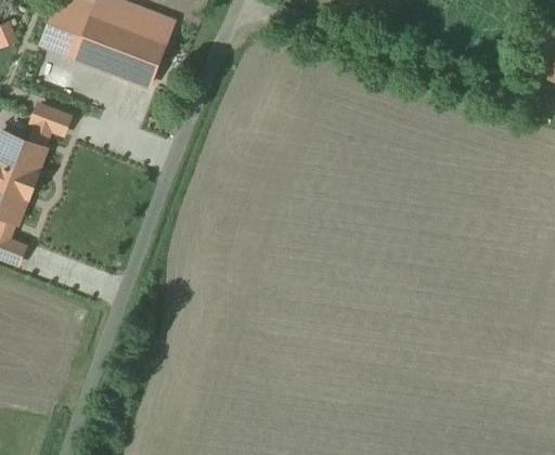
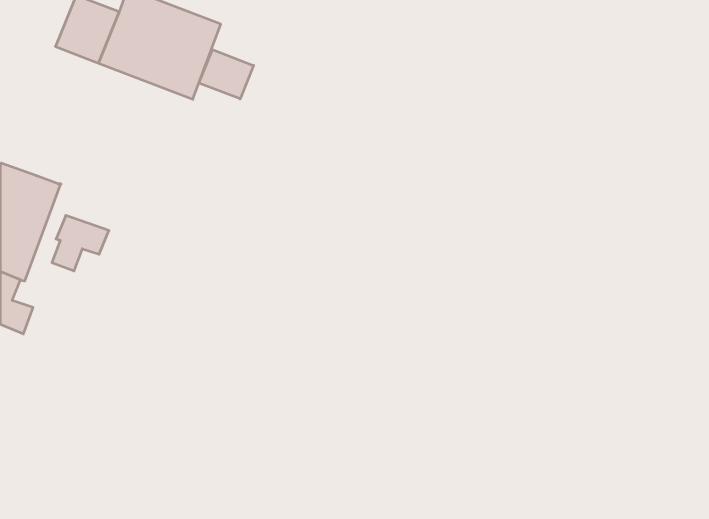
building: none -> [199,50,254,99]
building: [28,105,73,148] -> [52,215,109,271]

